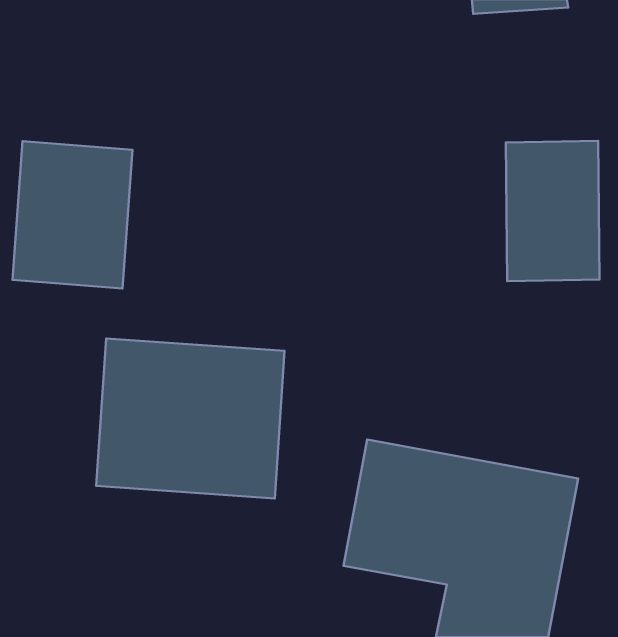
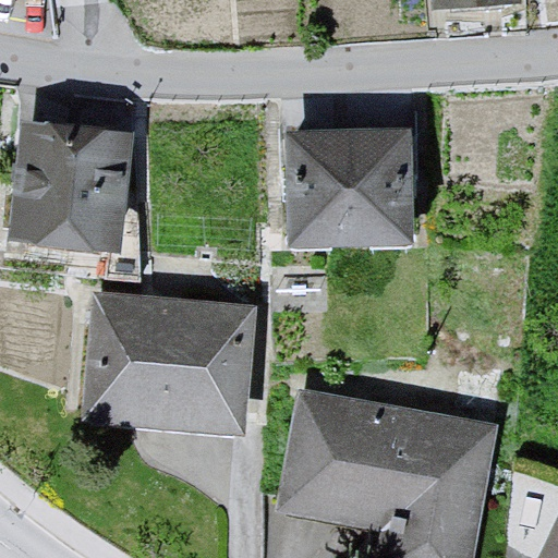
building: [506,141,600,281] -> none
building: none -> [289,142,400,254]

